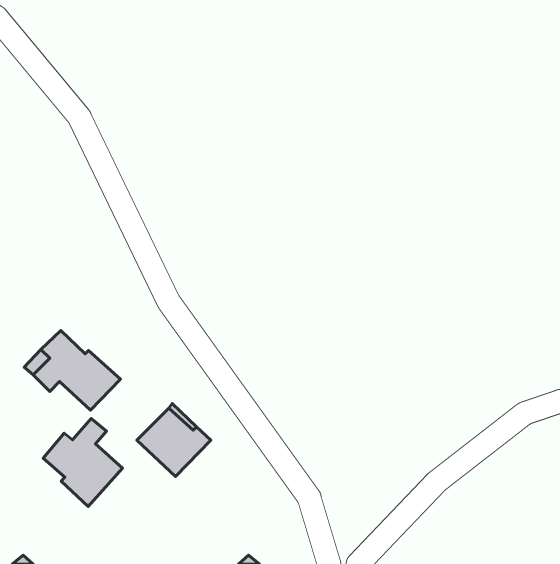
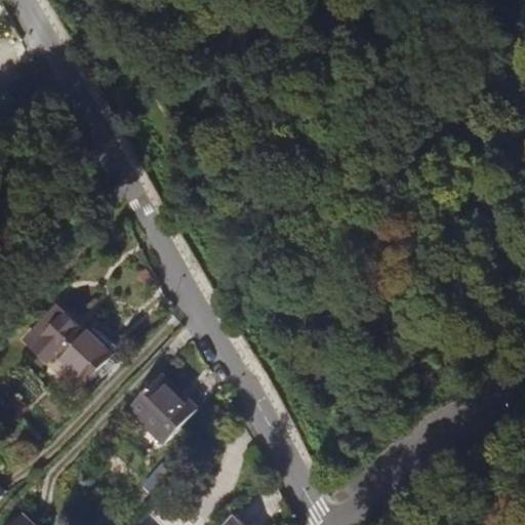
building: [43,419,122,507] -> none

